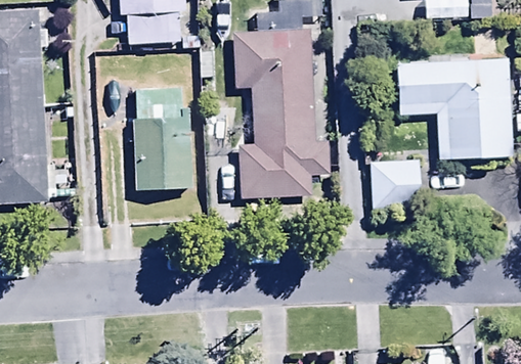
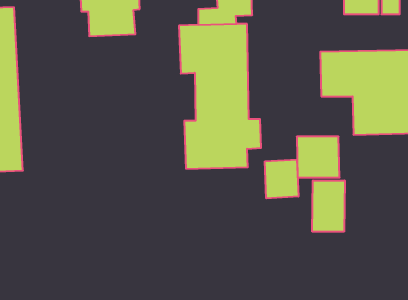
building: [133,88,192,189] -> none
building: none -> [265,159,298,198]
building: none -> [312,180,345,232]

